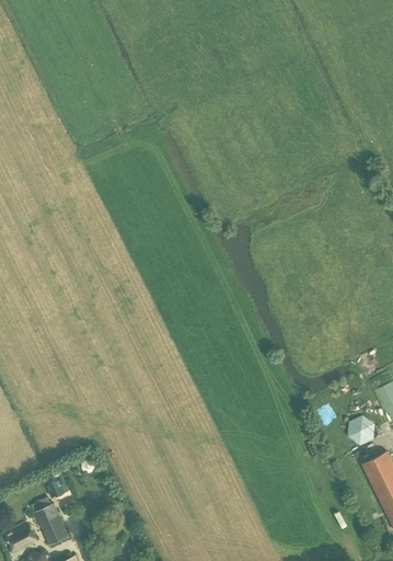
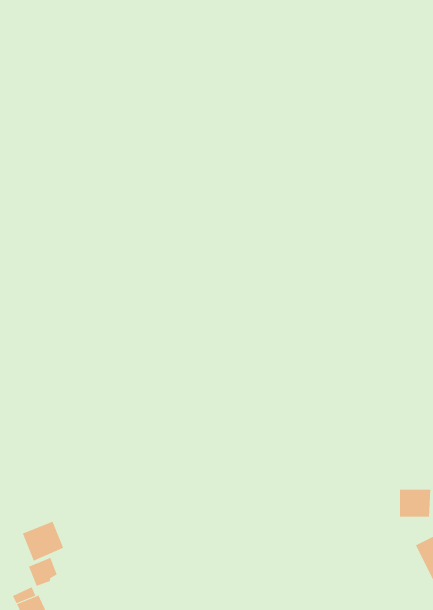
building: none -> [22,521,64,562]

